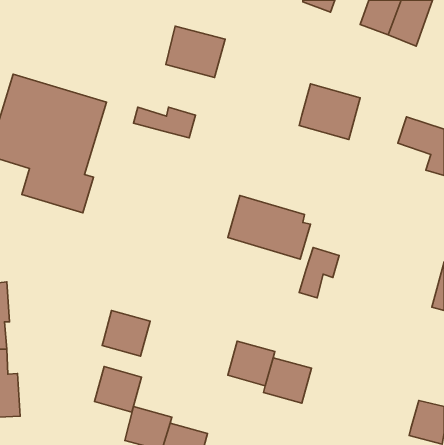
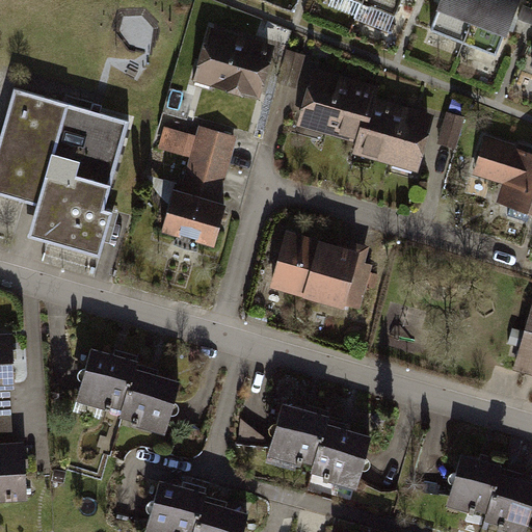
building: none -> [301,74,373,138]
building: none -> [162,157,225,250]
building: [299,248,339,298] -> none
building: [94,367,142,412] -> [79,351,135,405]
building: none -> [449,459,501,511]

